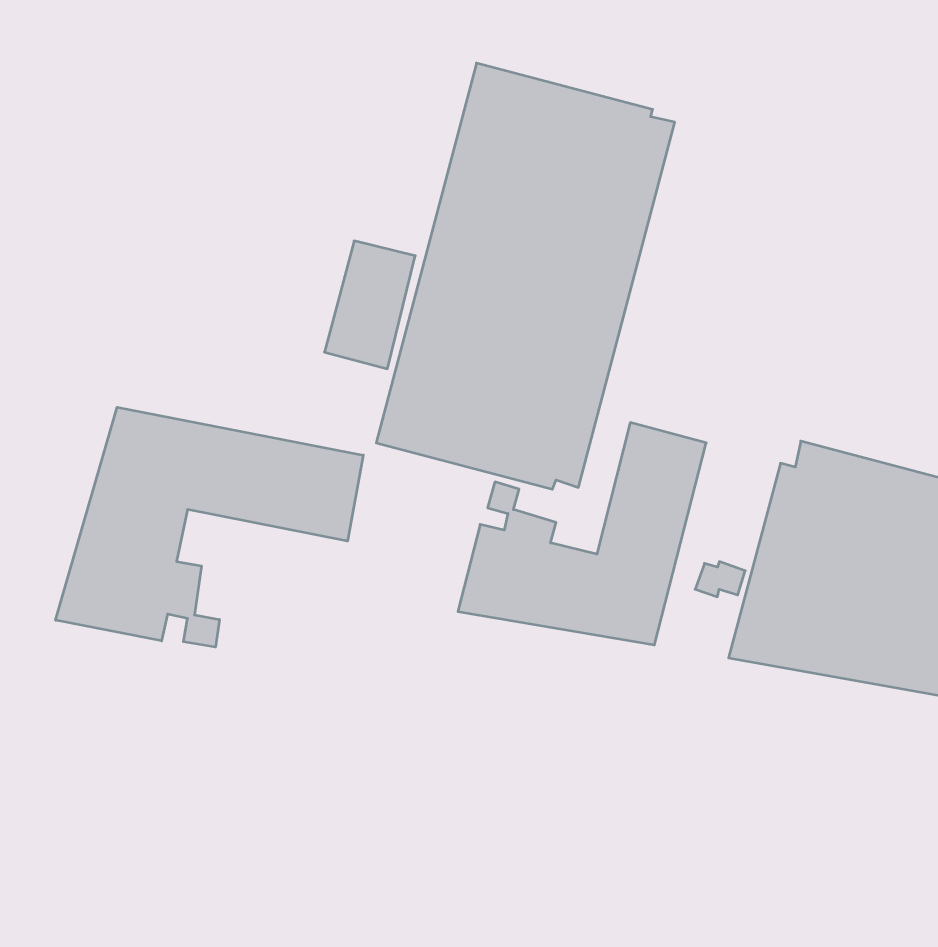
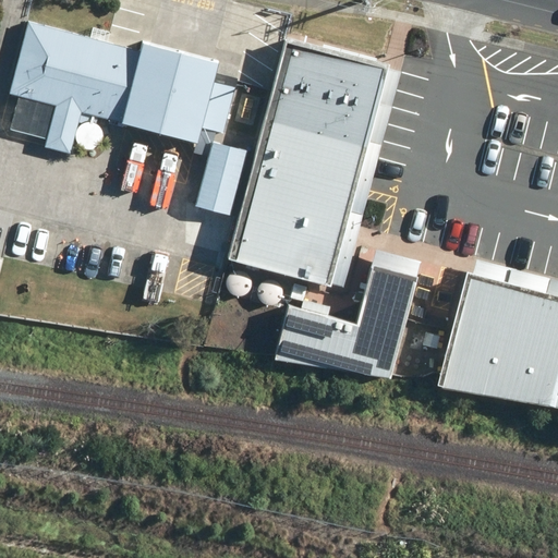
building: none -> [10,22,240,154]
building: [56,407,363,647] -> none

